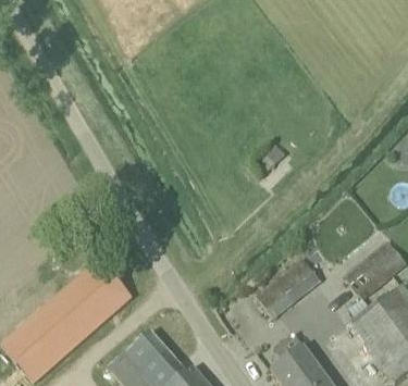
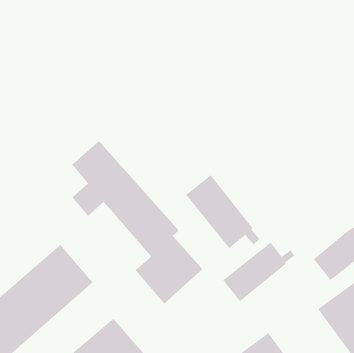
building: none -> [71,140,203,305]
building: none -> [185,174,260,249]

